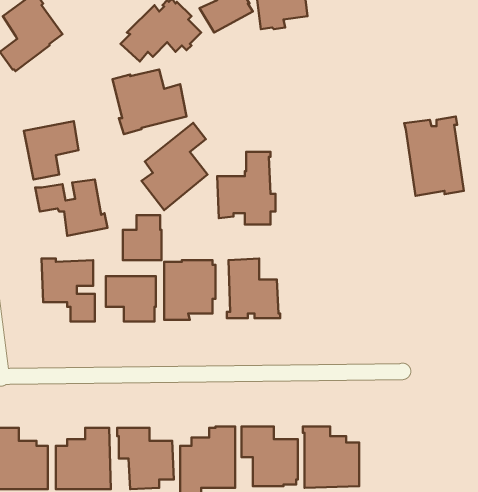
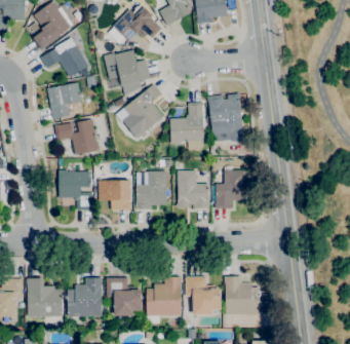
building: none -> [41,45,89,77]
building: [404,117,464,196] -> [207,92,245,143]
building: [123,215,161,260] -> none
building: none -> [212,169,246,208]

